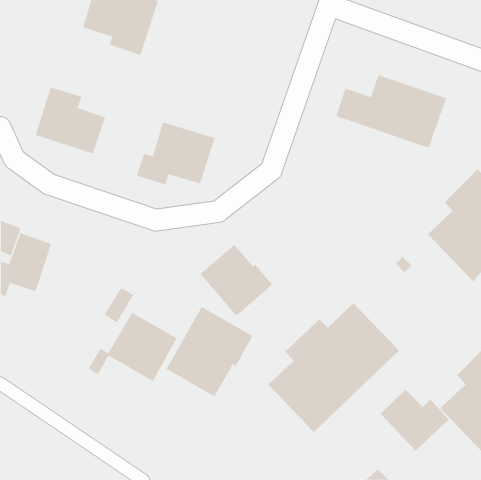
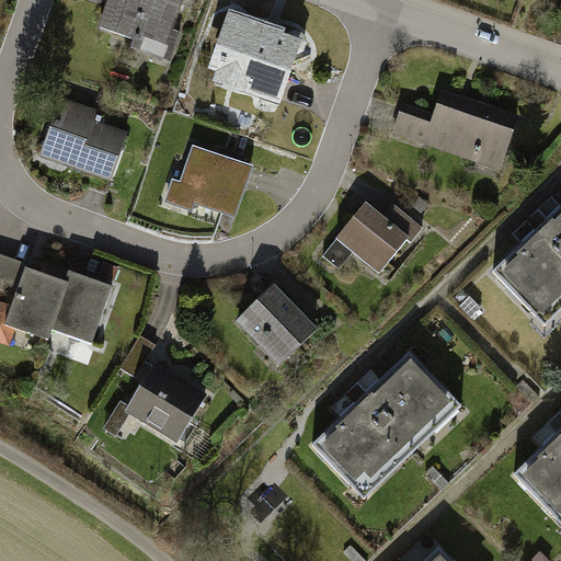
building: none -> [210,14,299,98]
building: none -> [323,201,424,274]
building: none -> [48,271,111,347]
building: [166,306,253,397] -> none
building: [380,389,450,451] -> none

